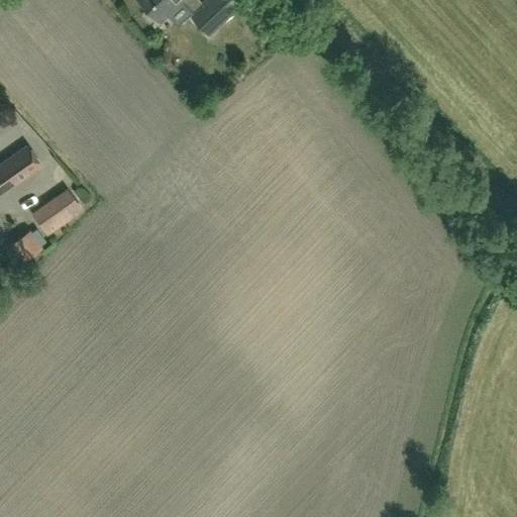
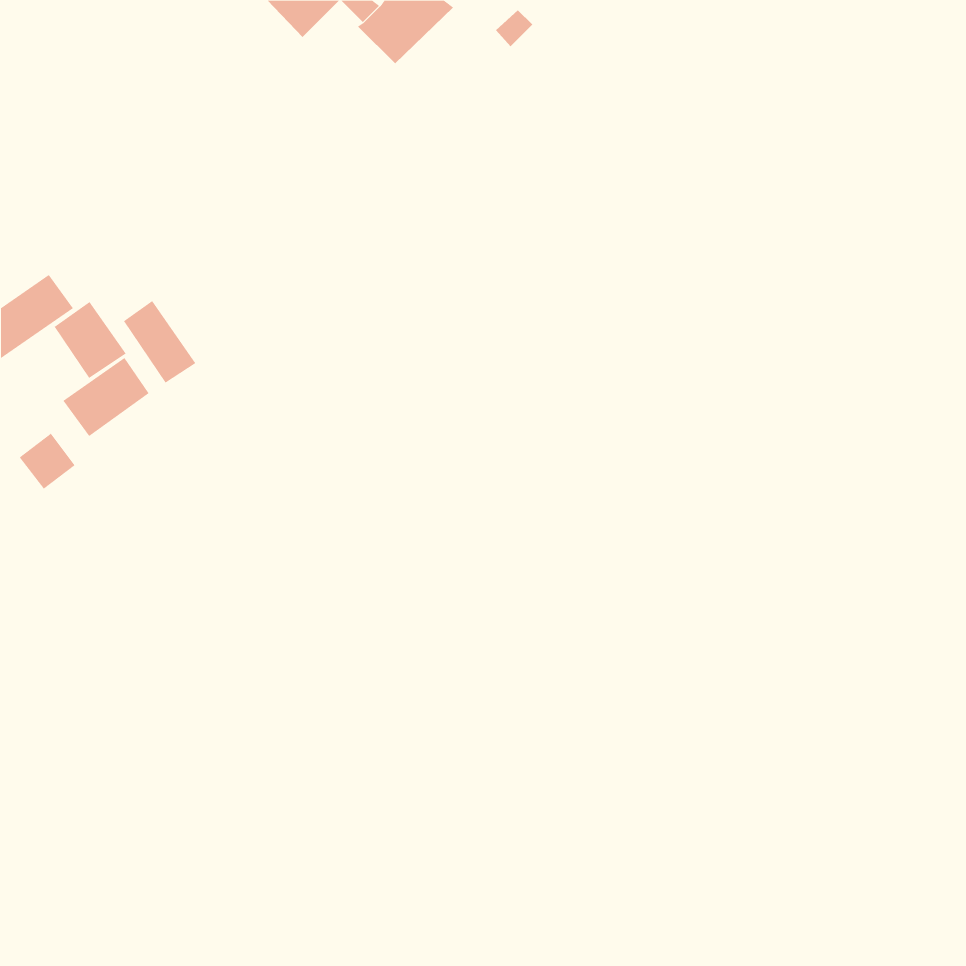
building: none -> [123,300,196,383]
building: none -> [54,301,126,379]

